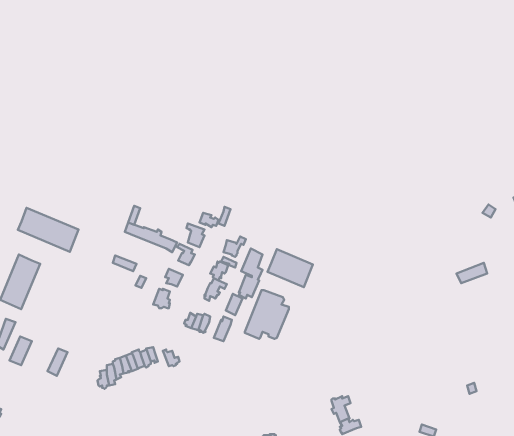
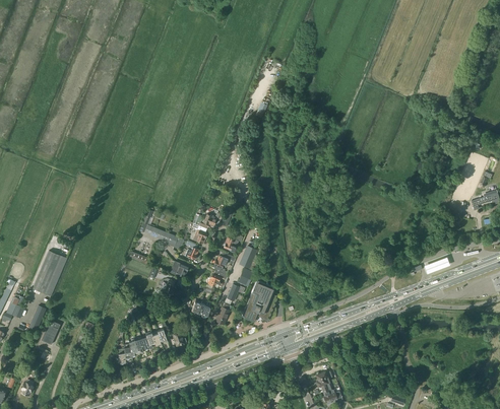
building: [18,208,79,252] -> none
building: [267,249,313,287] -> none

